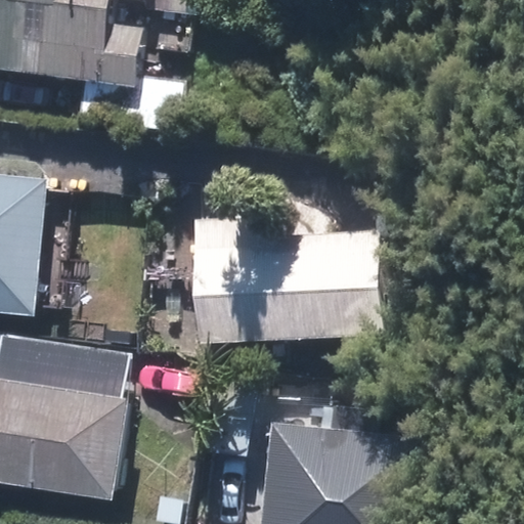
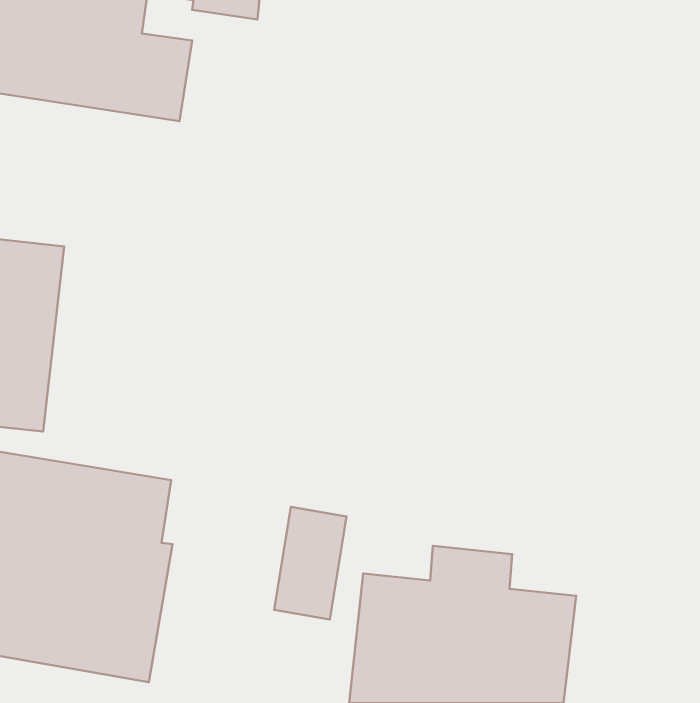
building: [191,217,386,343] -> none

